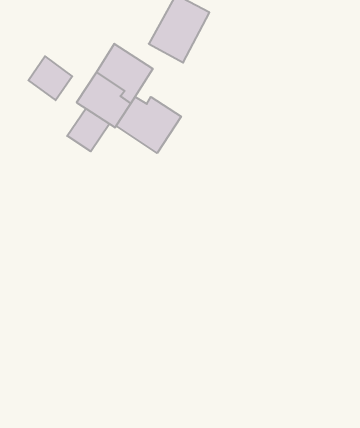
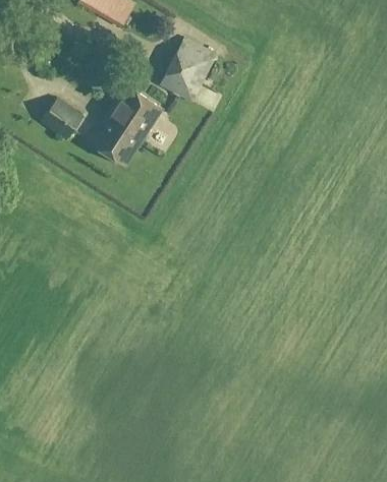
building: [116,97,181,153] -> none
building: [67,108,110,151] -> none

